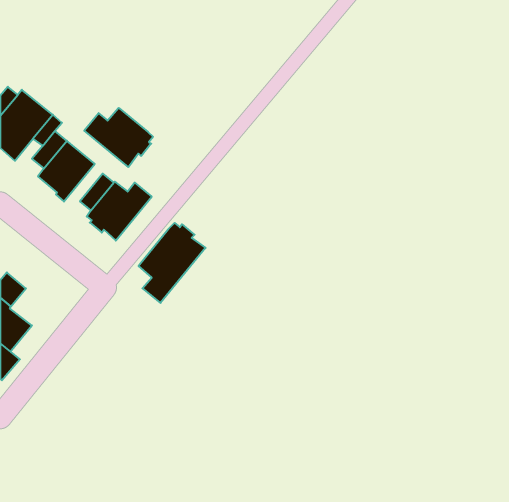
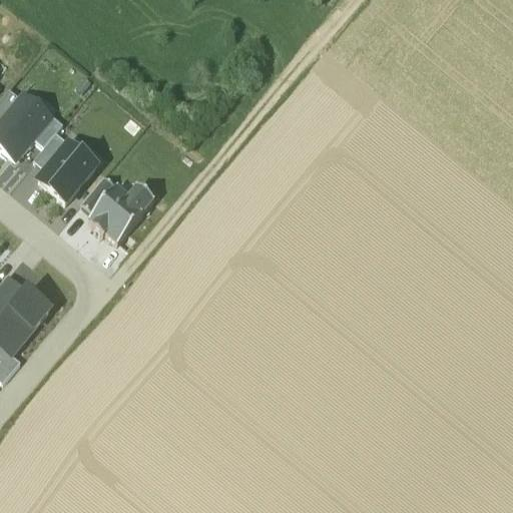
building: [84,108,153,167] -> none
building: [139,223,206,303] -> none
building: none -> [11,290,49,327]

